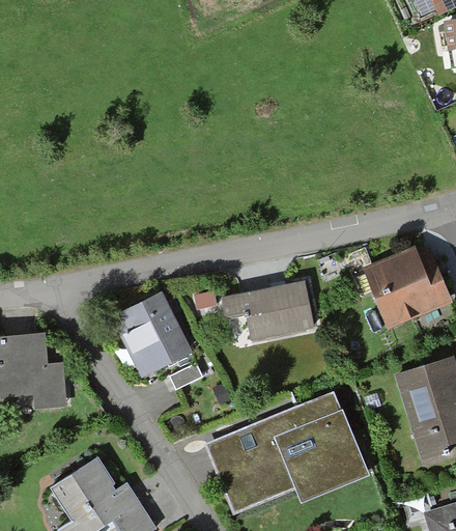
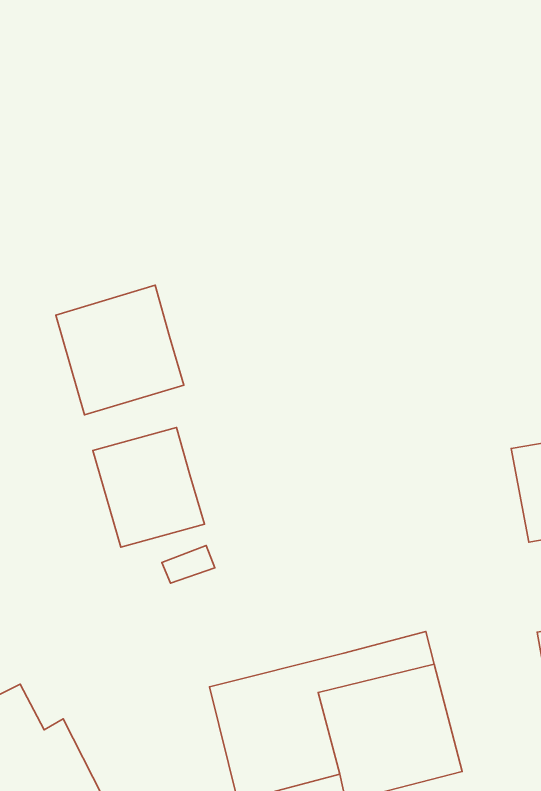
building: none -> [56,285,184,415]
building: [222,283,313,341] -> none

